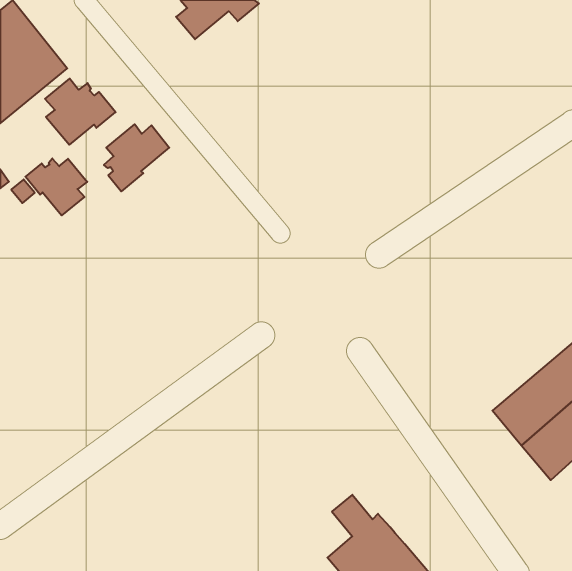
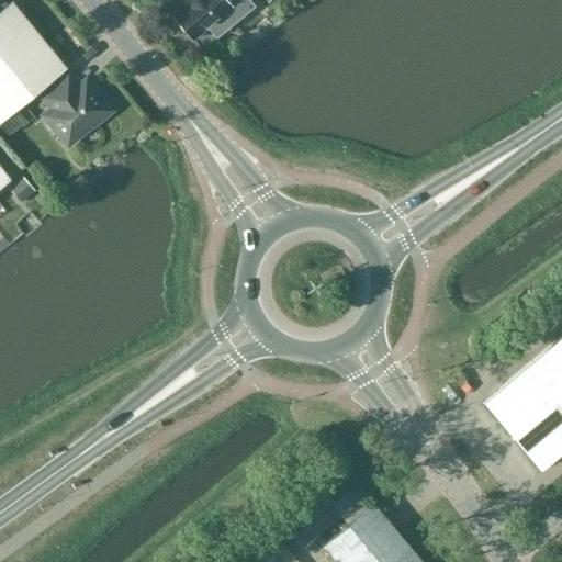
building: [104,124,169,191] -> none
building: [25,158,87,215] -> none

